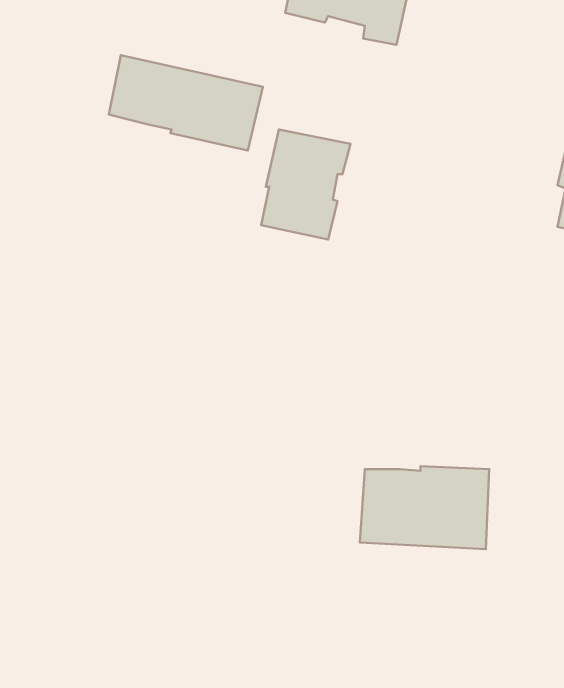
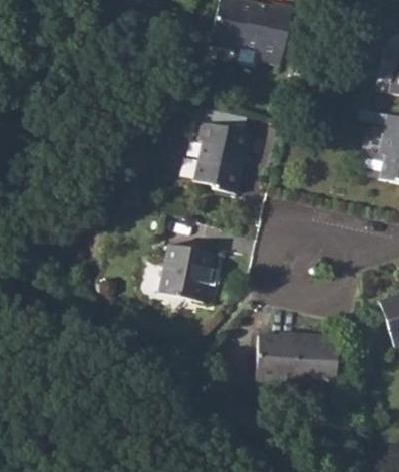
building: [109,55,263,151] -> none
building: none -> [157,241,215,298]

